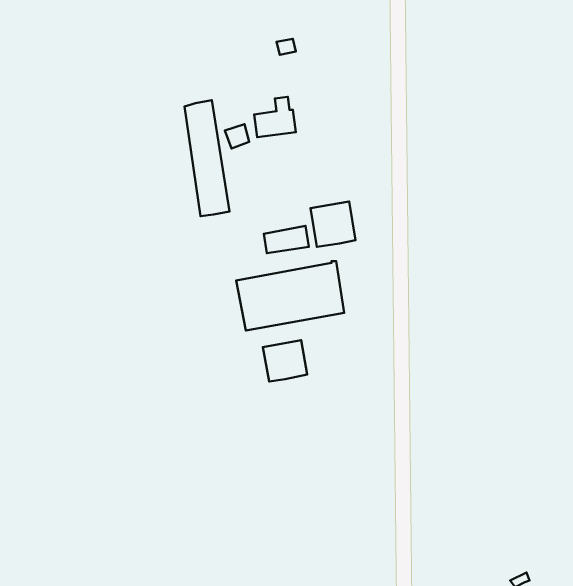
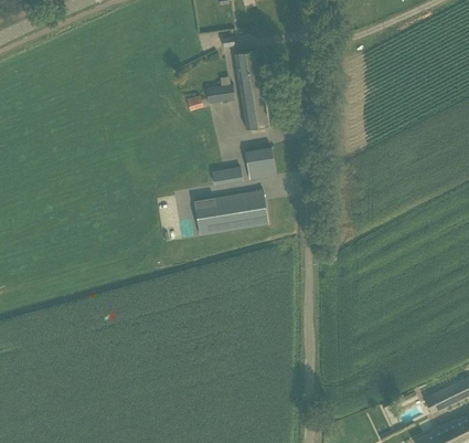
building: [184,100,230,216] -> [236,49,267,128]
building: [263,340,307,382] -> none

